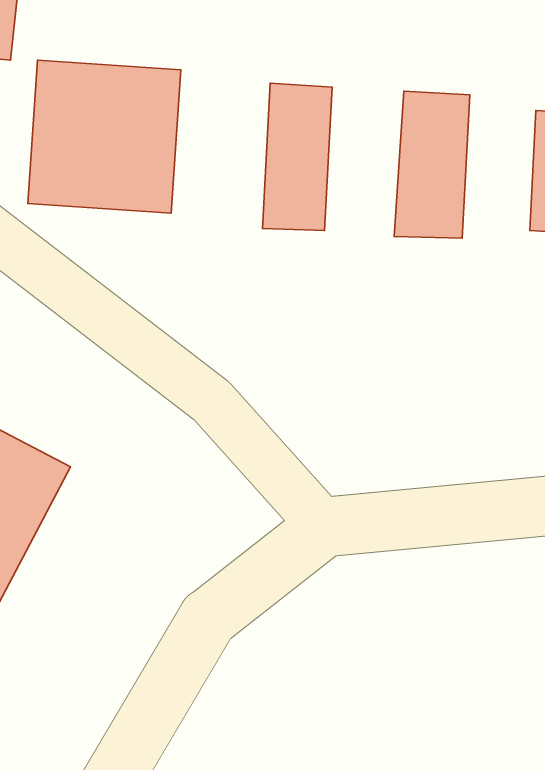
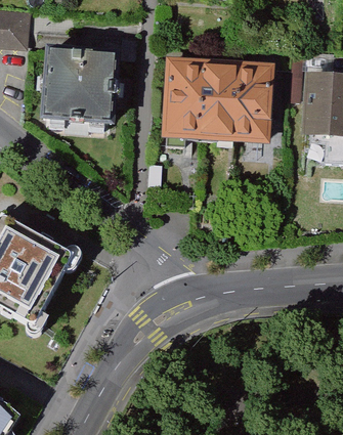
building: none -> [195,59,237,138]

